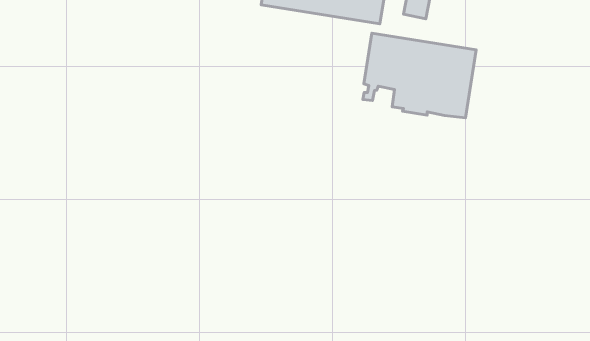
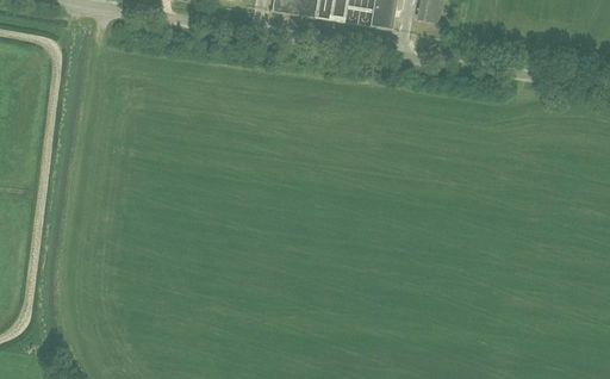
building: [363,33,476,118] -> none

